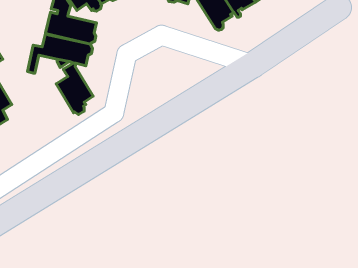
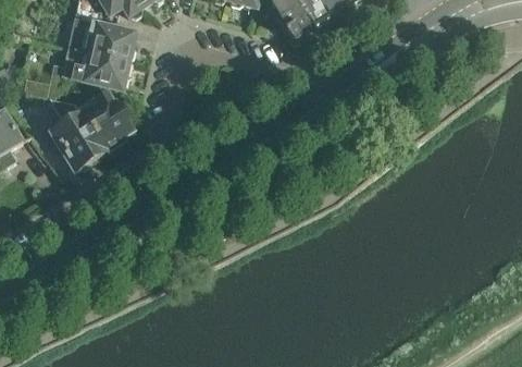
building: none -> [51,97,105,169]

